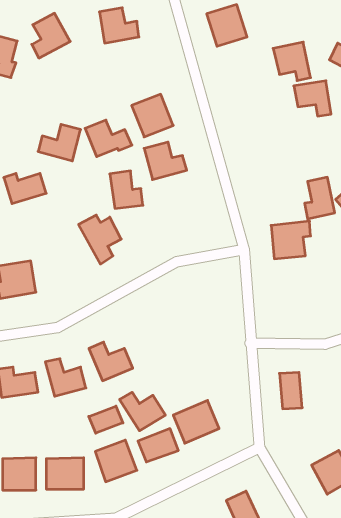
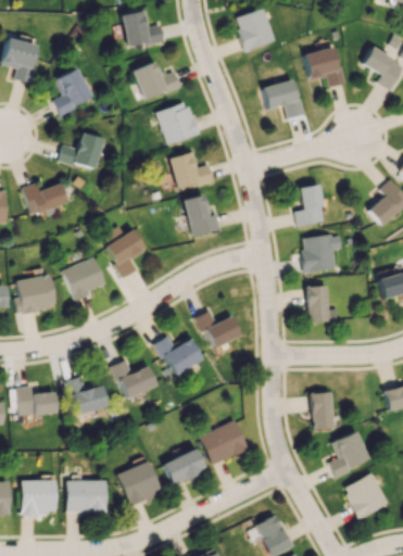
building: [32,13,70,58] -> [52,68,92,115]
building: [294,81,331,116] -> [263,80,302,117]
building: [85,120,132,157] -> [134,62,182,100]
building: [110,171,143,208] -> [186,195,221,235]
building: [305,177,335,219] -> [295,184,327,227]
building: none -> [63,256,106,300]
building: none -> [307,286,339,323]
building: none -> [194,311,240,348]
building: [120,392,165,431] -> [155,336,203,376]
building: [89,406,123,433] -> none
building: none -> [329,431,369,478]

